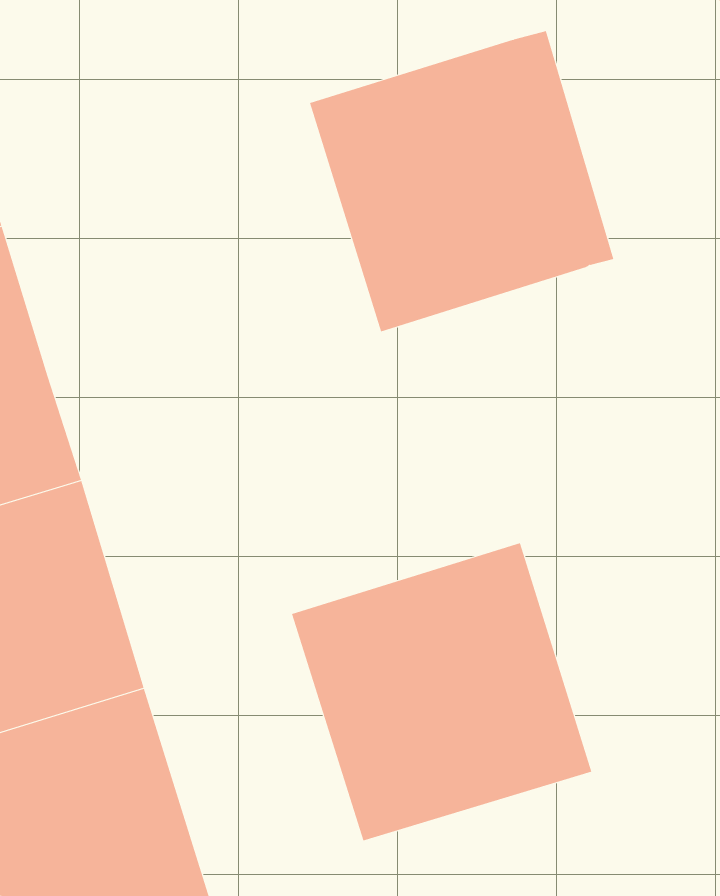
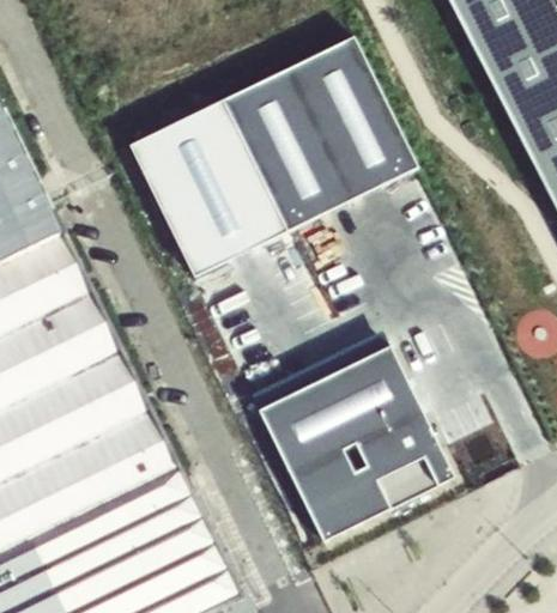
building: none -> [129,101,285,277]

